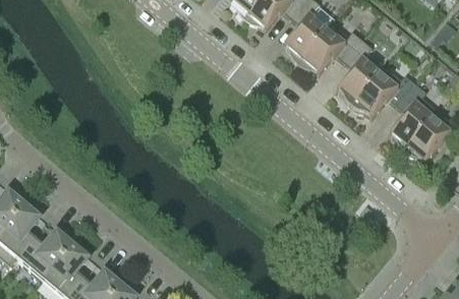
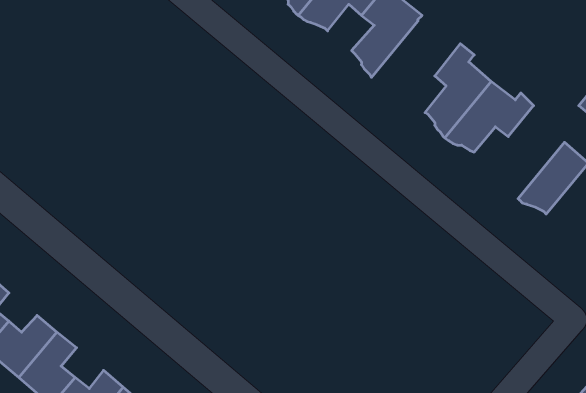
building: [298,21,362,72] -> none
building: [390,82,438,149] -> none

